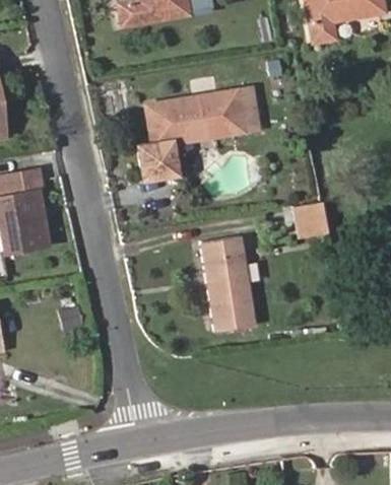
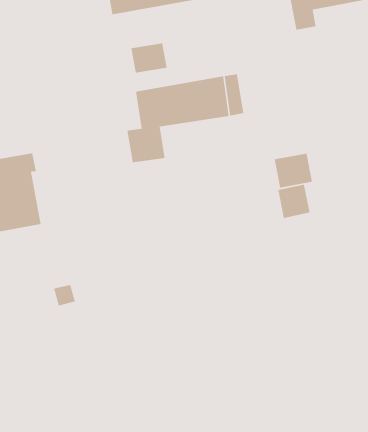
building: none -> [131,43,167,74]
building: none -> [274,153,313,188]
building: [202,234,256,330] -> none

